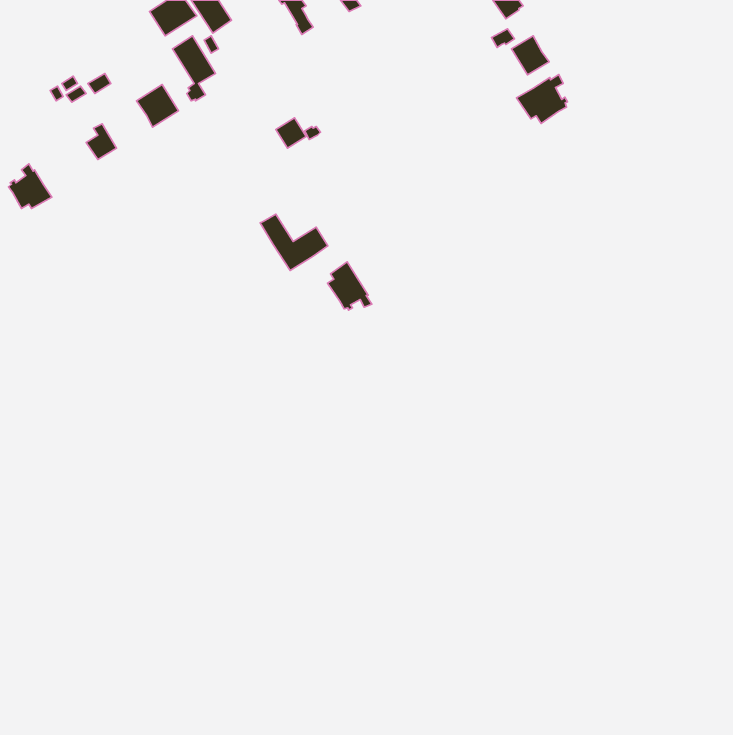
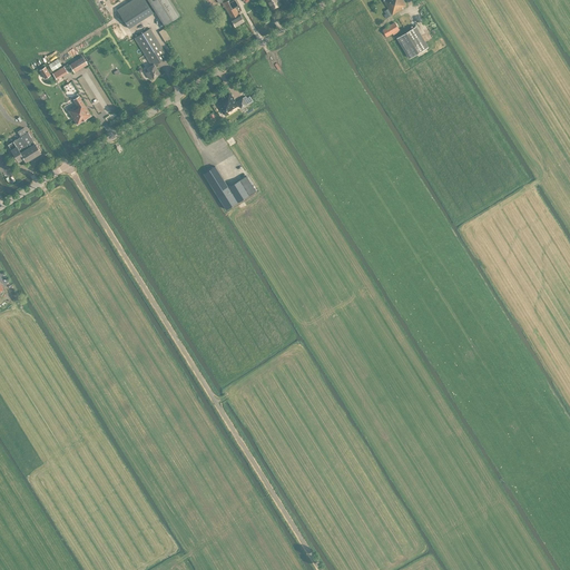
building: [517,74,568,123] -> none
building: [136,85,178,127] -> none
building: [328,262,372,310] -> none

